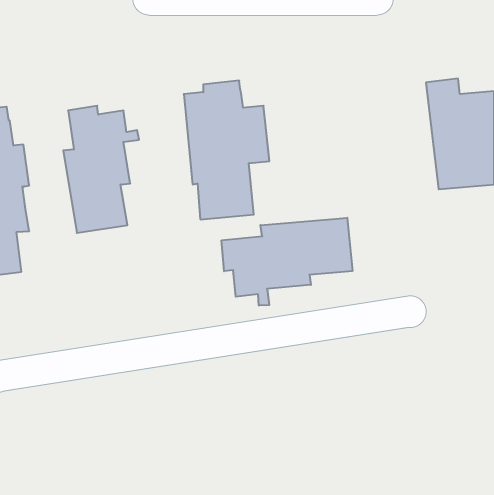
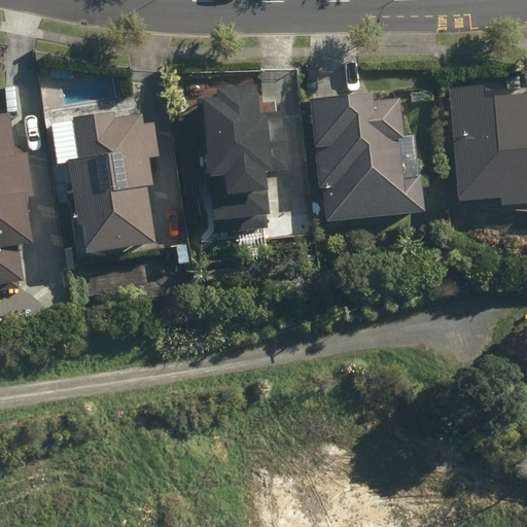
building: none -> [313,93,427,222]
building: [222,218,352,306] -> none

